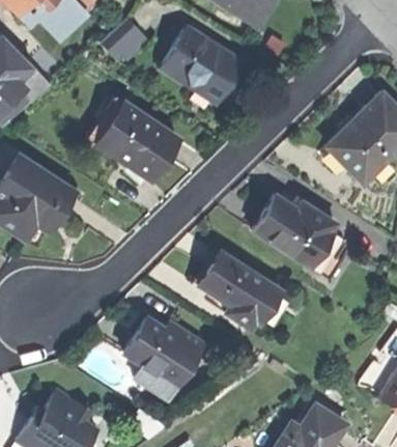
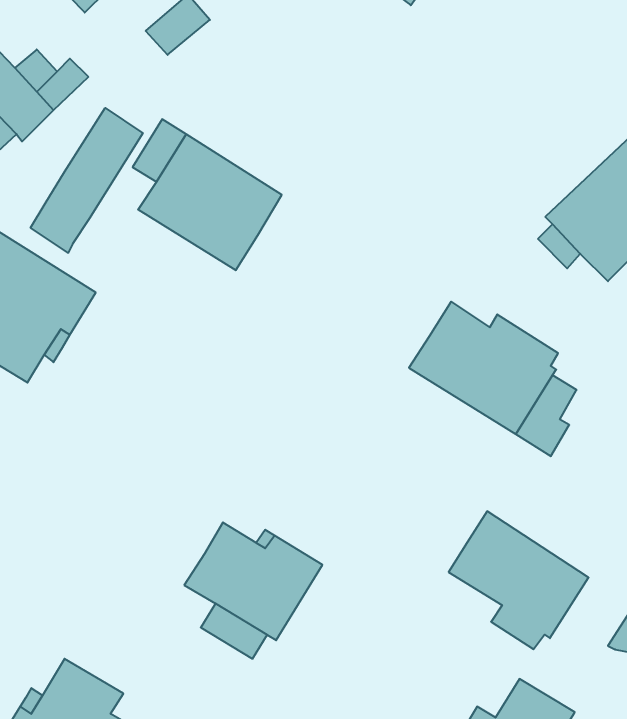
building: [162,29,238,100] -> none
building: none -> [31,108,143,253]
building: [200,253,279,331] -> [449,511,589,649]

